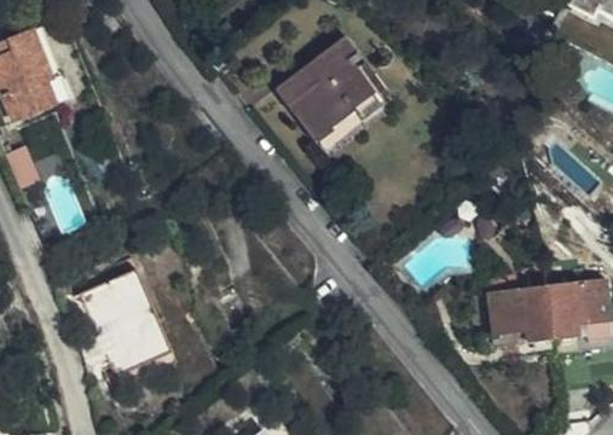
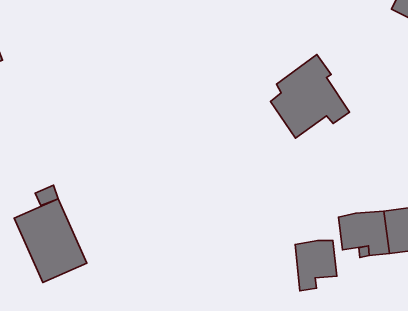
building: [282,33,381,138] -> [271,54,349,138]
building: none -> [295,240,337,291]

